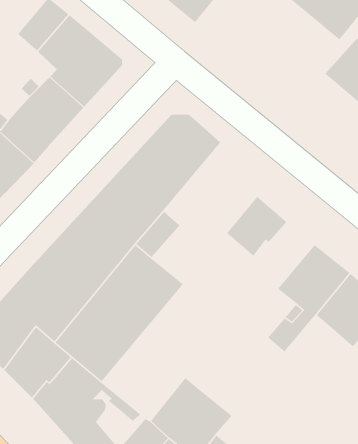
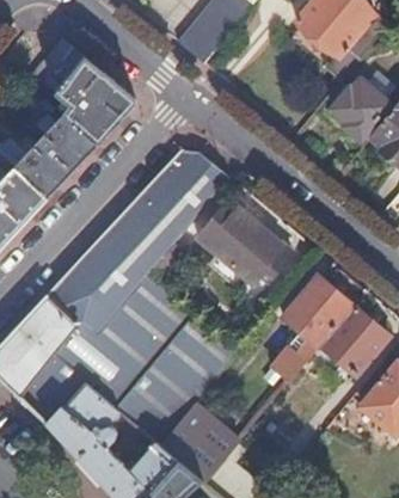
building: none -> [196,199,263,266]
building: none -> [113,313,238,444]

